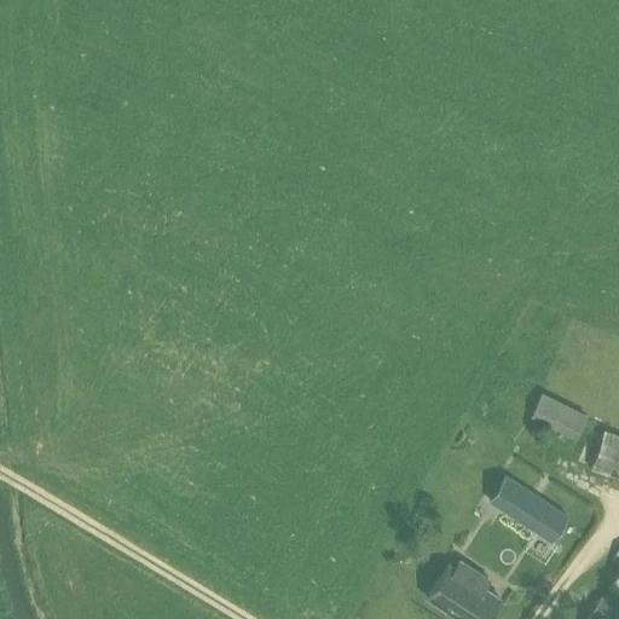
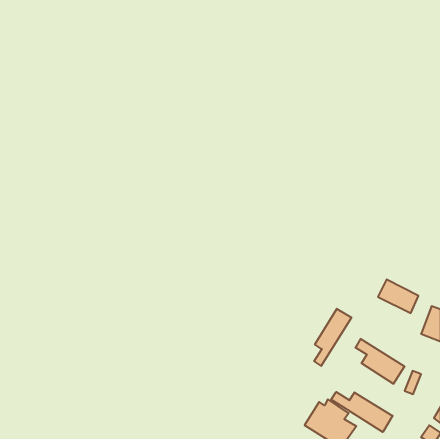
building: none -> [314,309,351,366]
building: none -> [331,392,393,432]

